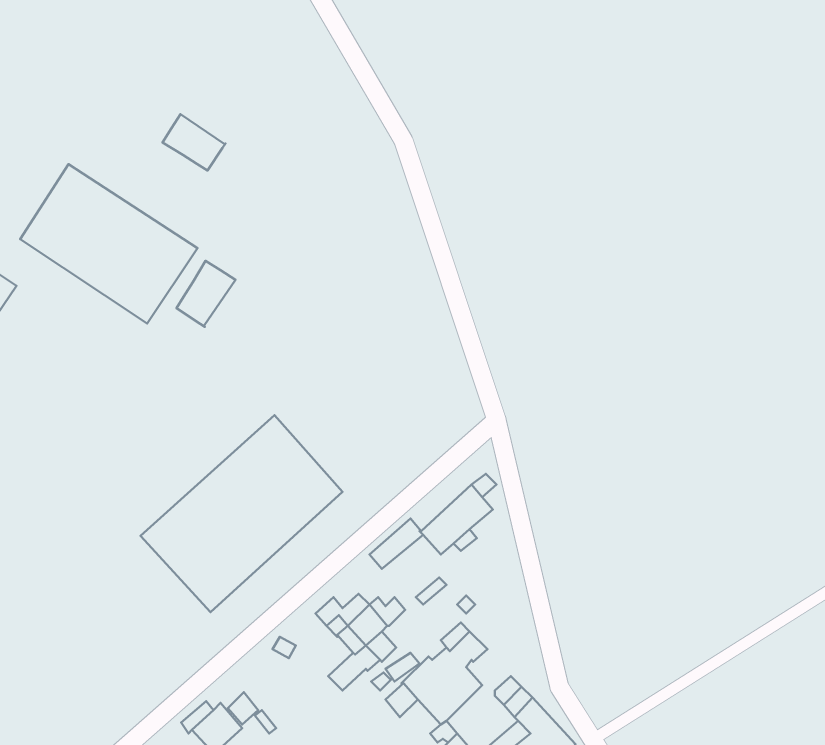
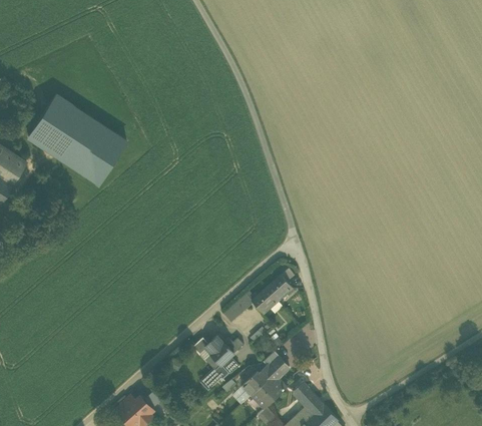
building: [163,114,226,170] -> none
building: [177,261,236,327] -> none
building: [140,415,343,612] -> none

